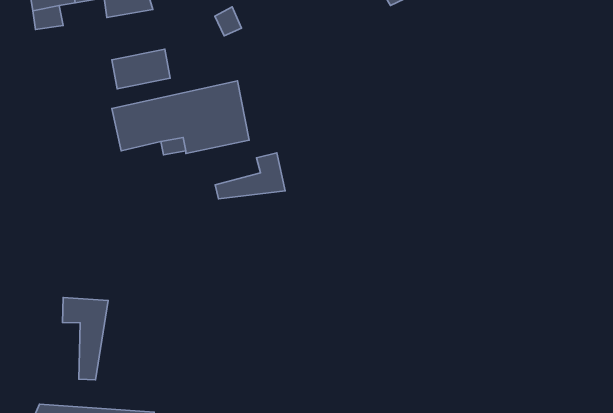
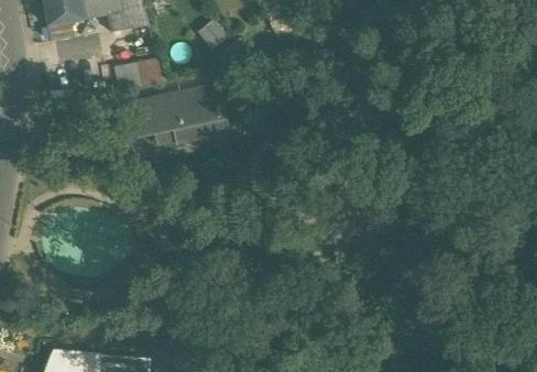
building: [215,153,285,199] -> none
building: [62,298,108,380] -> none

